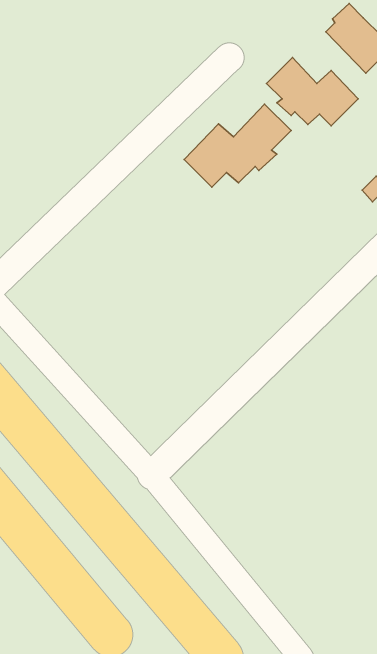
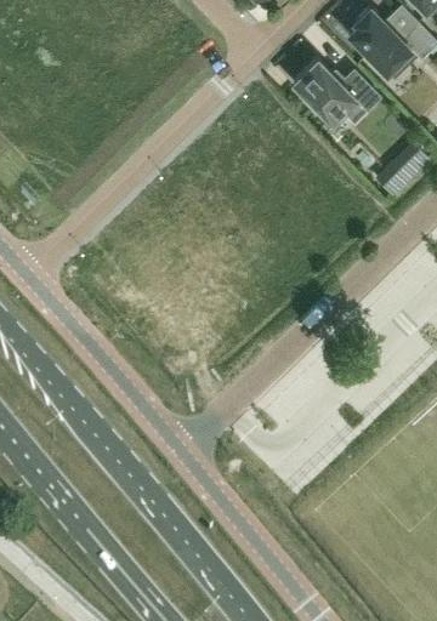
building: [184,104,291,187] -> none

